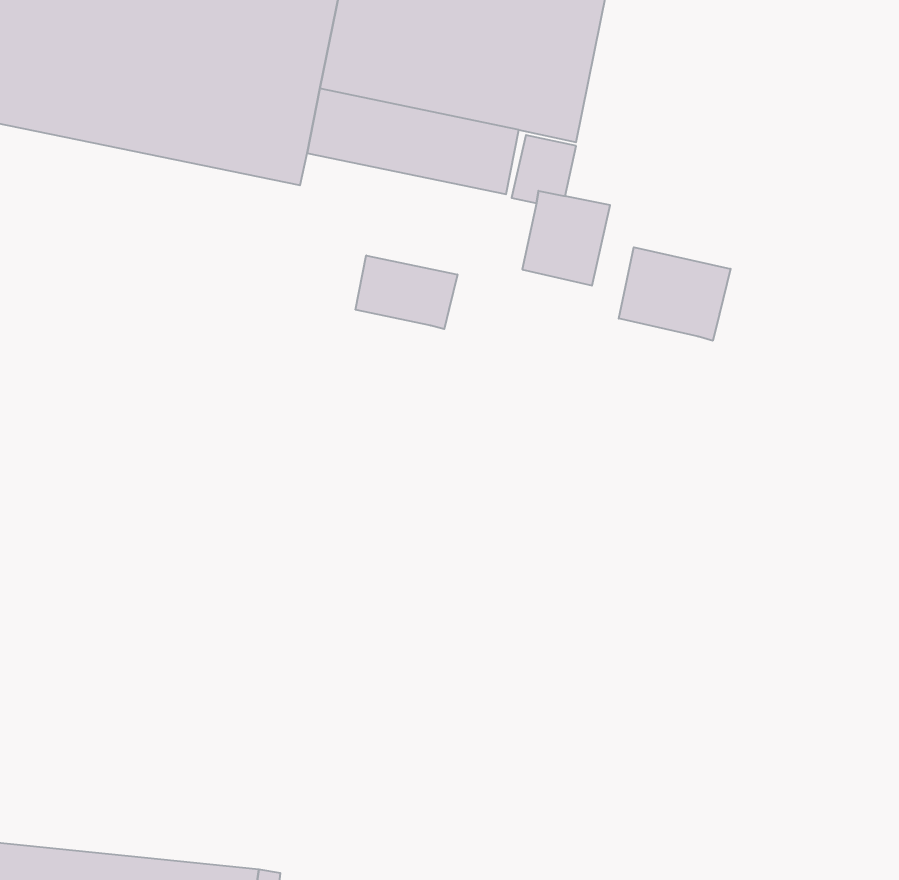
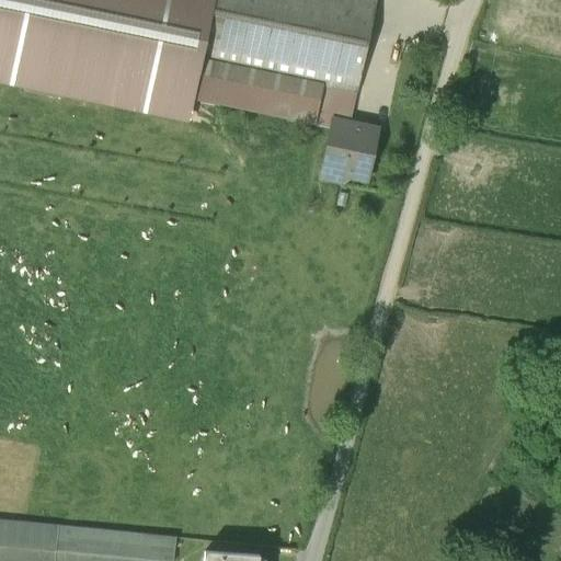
building: [619,247,731,341] -> none
building: [356,255,457,329] -> none

